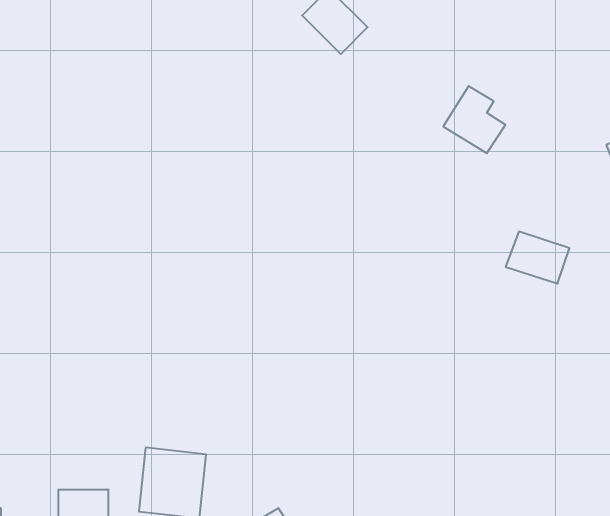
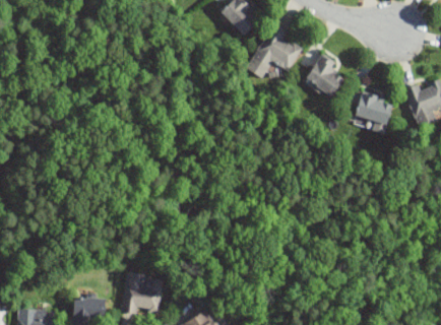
building: none -> [251,23,302,70]
building: [506,231,569,284] -> [355,93,393,125]

